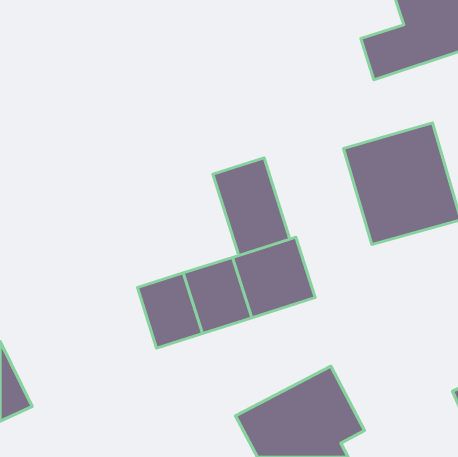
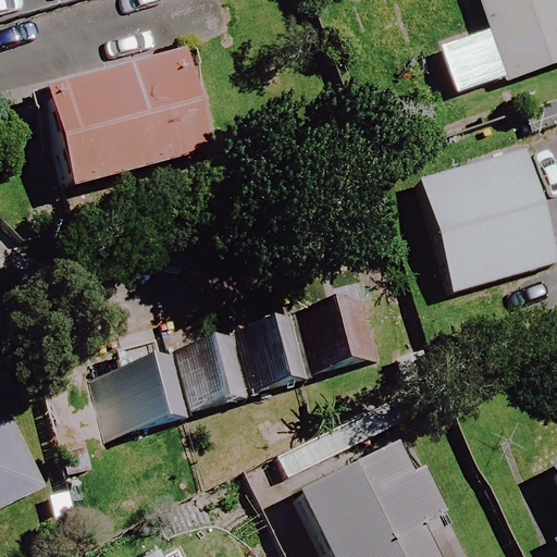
building: none -> [45,53,213,190]
building: [213,158,290,255] -> none
building: none -> [108,342,198,435]

